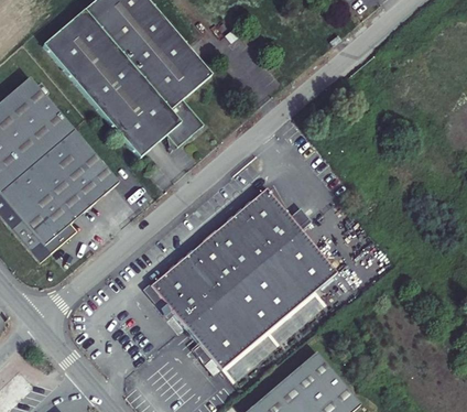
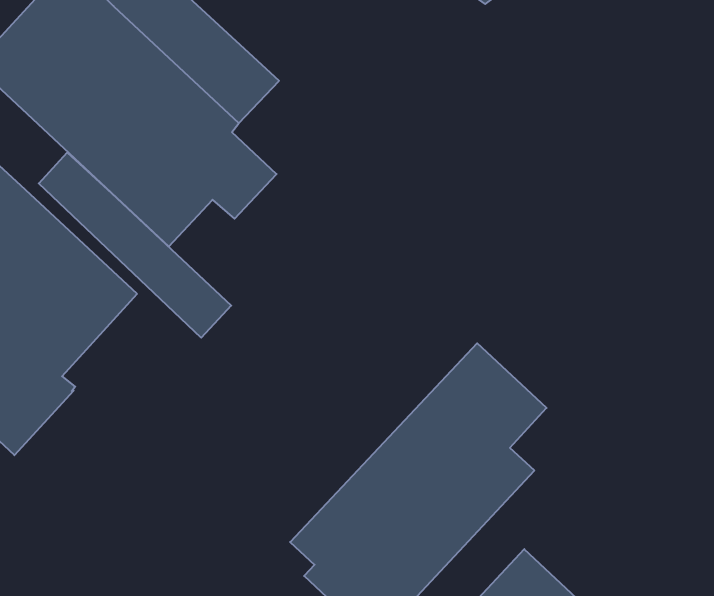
building: none -> [39,153,231,338]
building: [143,187,311,329] -> none

